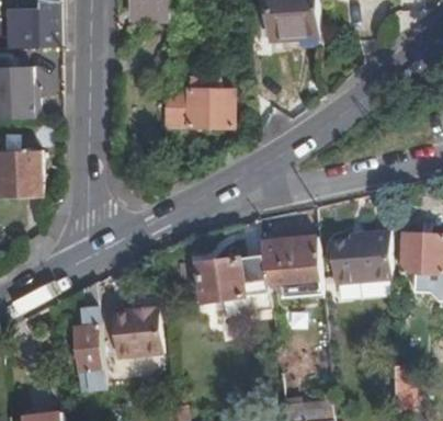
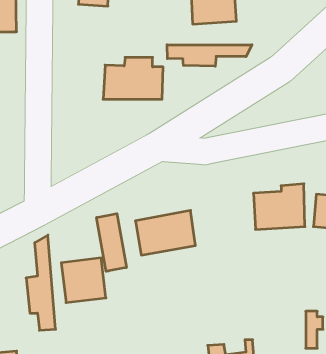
building: none -> [167,45,252,66]
building: [260,235,322,297] -> none
building: none -> [97,214,126,271]

